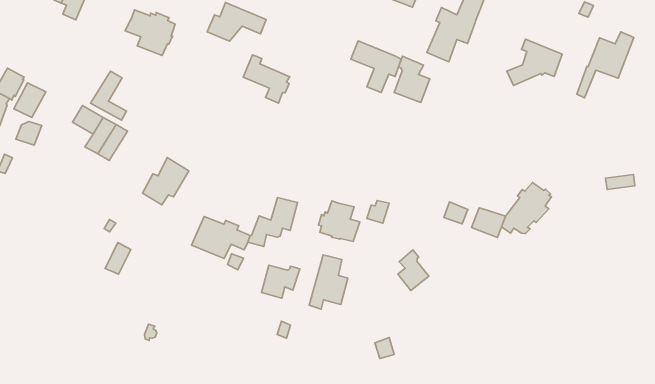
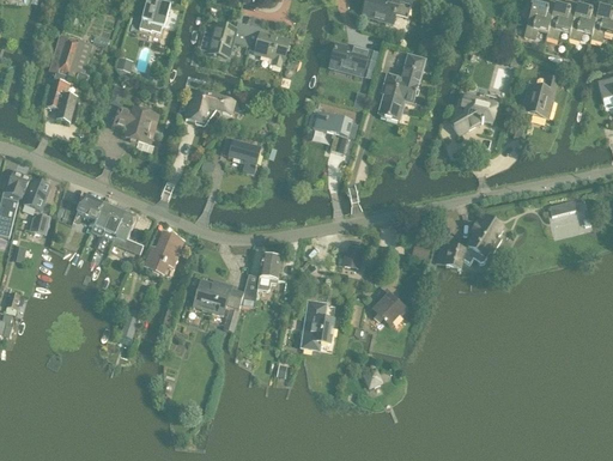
building: [394,56,430,102] -> none
building: [90,71,127,120] -> [110,212,142,254]
building: [318,201,360,242] -> none
building: [261,265,300,298] -> none

